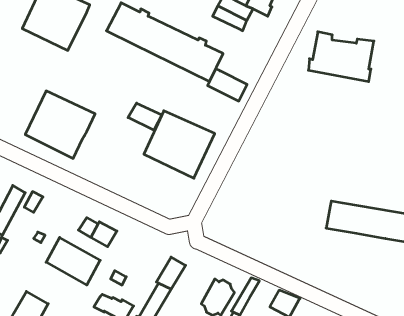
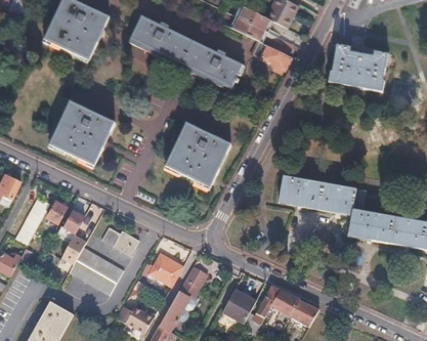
building: [208,69,247,101] -> [250,40,289,72]
building: [128,103,162,130] -> none
building: none -> [273,175,365,215]
building: none -> [63,210,92,237]
building: none -> [140,252,182,288]
building: none -> [269,289,298,314]

